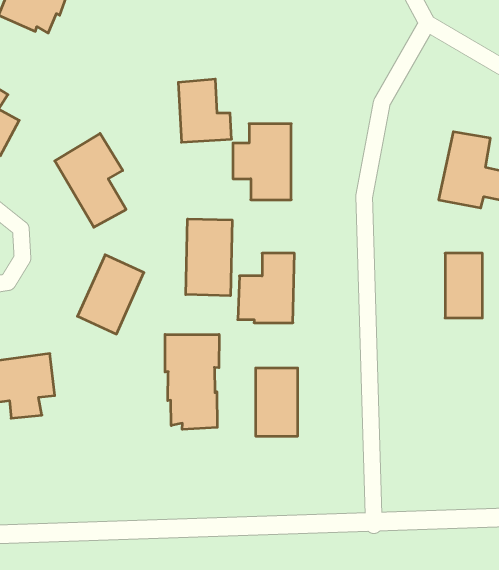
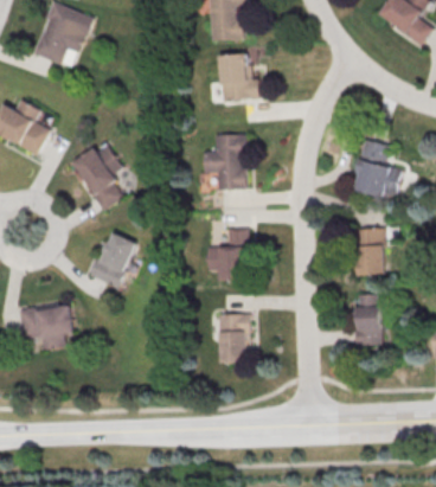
building: [178,79,232,142] -> [217,56,256,102]
building: [186,219,232,296] -> none
building: [165,334,219,429] -> none
building: none -> [355,294,384,344]

